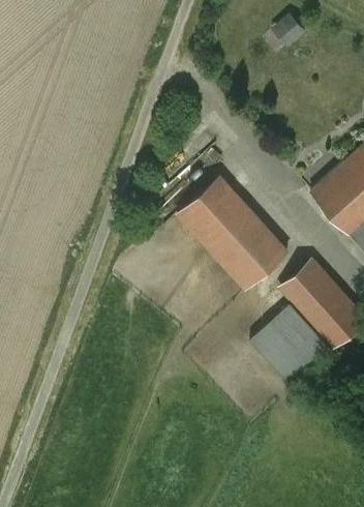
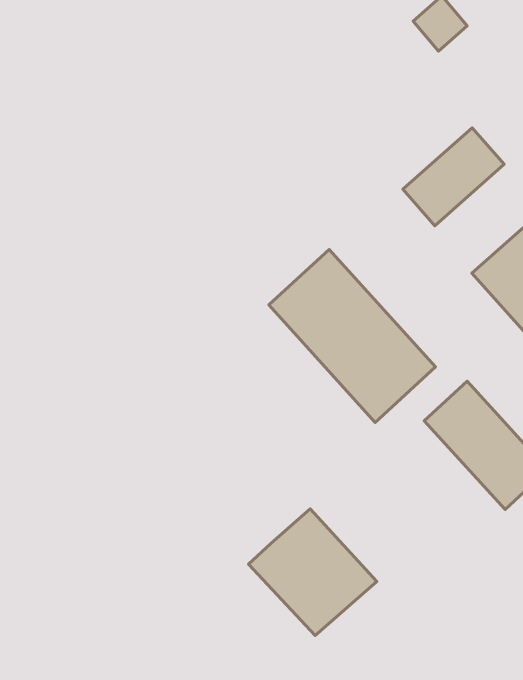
building: none -> [403,128,504,226]
building: [250,304,334,387] -> [248,509,377,636]

